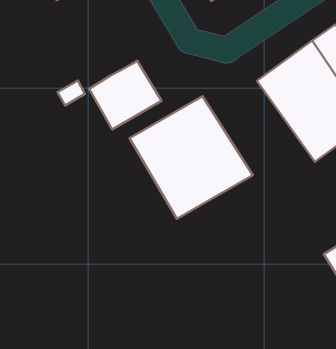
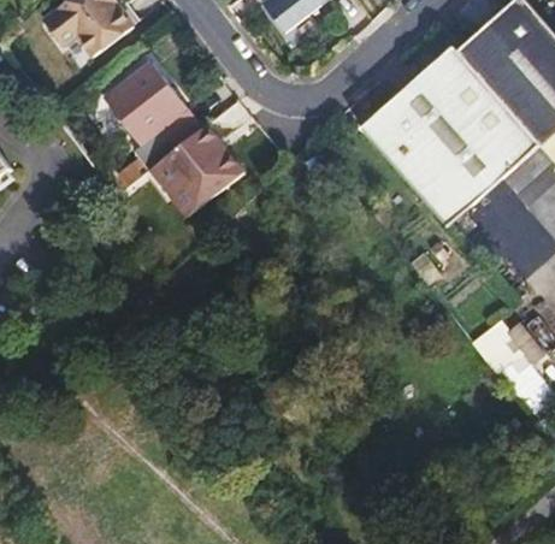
building: none -> [101,59,199,168]
building: [130,96,253,219] -> none

